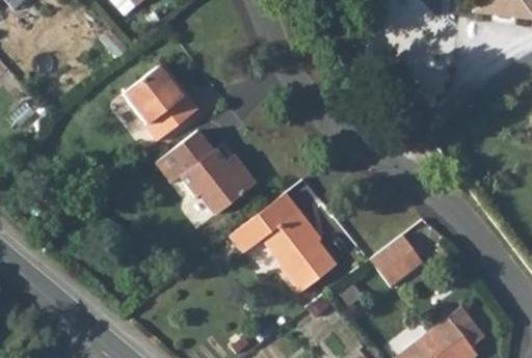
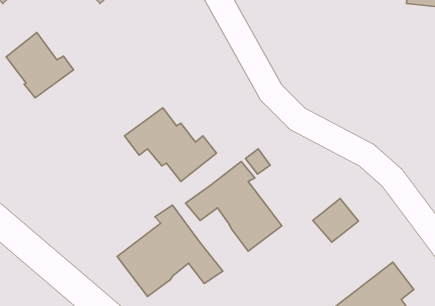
building: [124,65,201,140] -> [6,32,73,98]
building: none -> [117,205,223,297]

